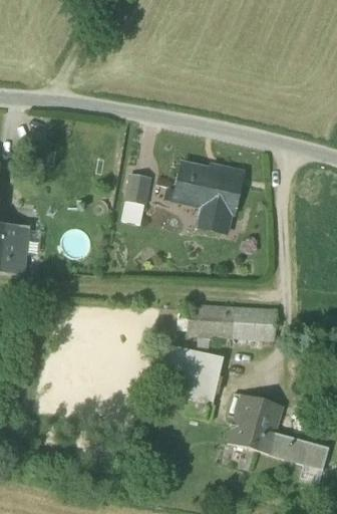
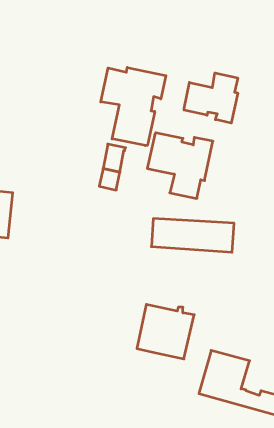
building: none -> [101,67,166,146]
building: none -> [184,73,238,123]
building: [188,304,276,340] -> [151,219,234,252]

